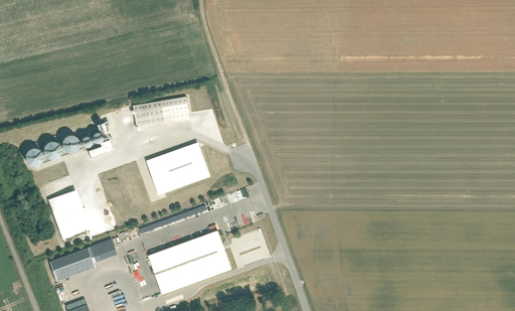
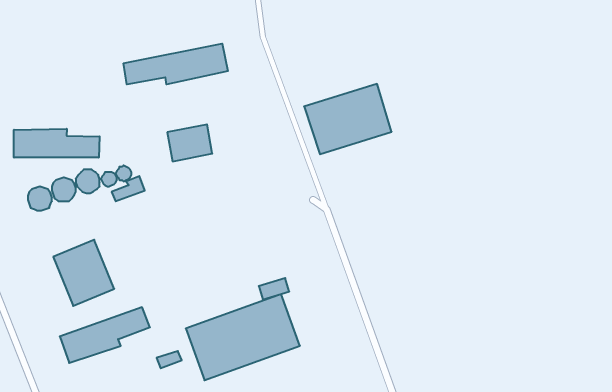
building: none -> [124,44,228,84]
building: none -> [14,129,100,158]
building: [145,141,211,194] -> [304,84,392,154]

